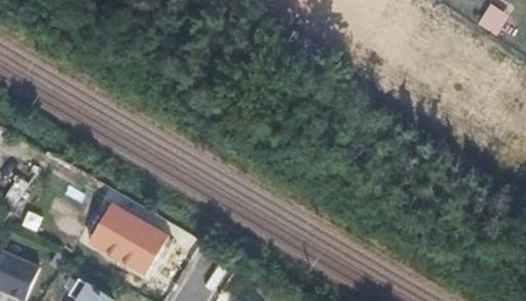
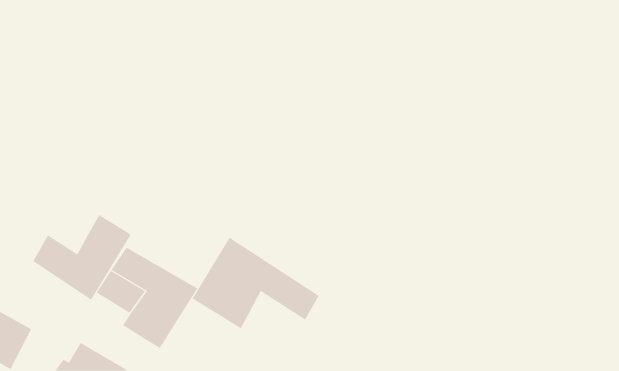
building: none -> [32,214,132,300]
building: none -> [192,237,319,329]

